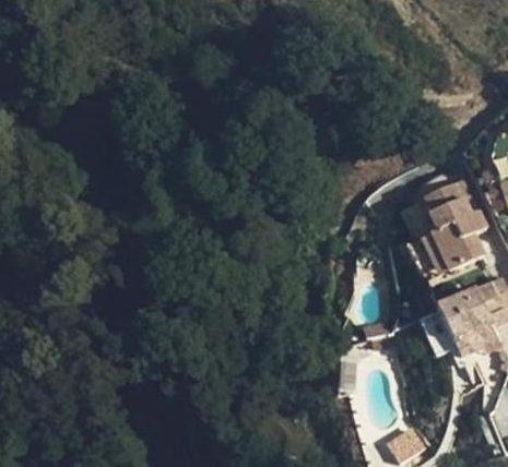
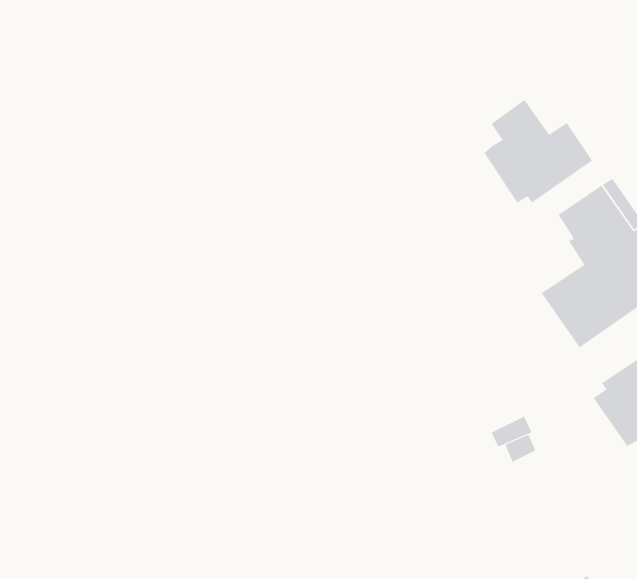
building: none -> [484,99,593,204]

